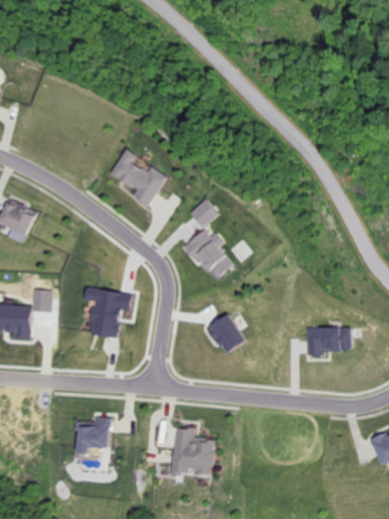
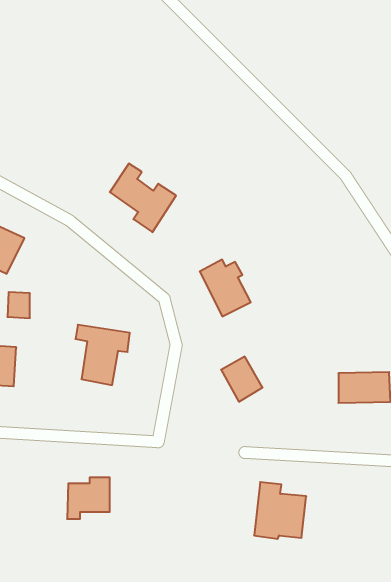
building: [191,201,220,228] -> none
building: [33,290,53,312] -> [7,292,30,318]
building: [171,428,216,476] -> [254,482,306,539]

